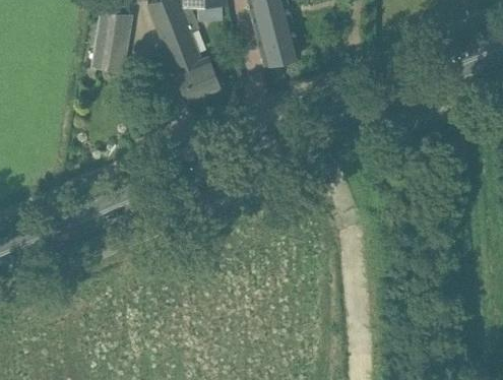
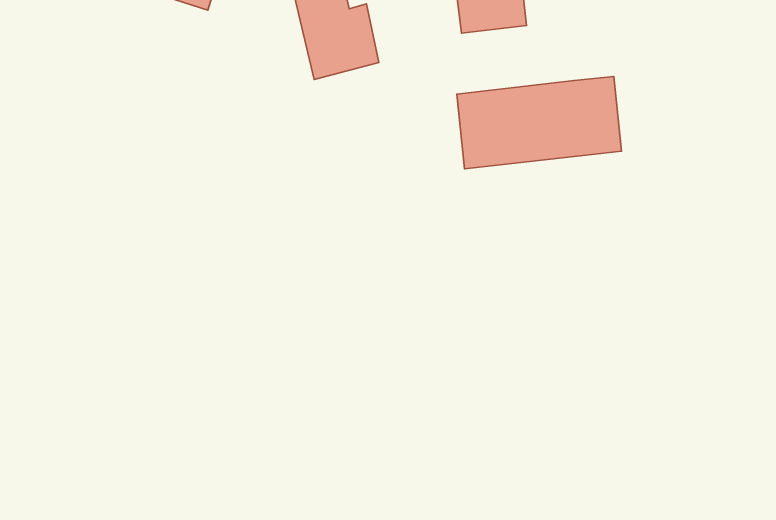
building: none -> [457,77,622,169]

